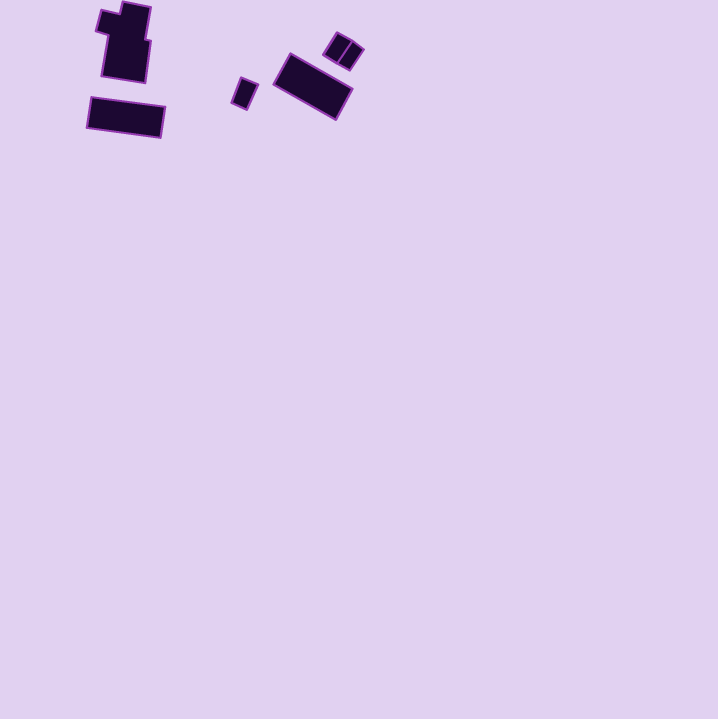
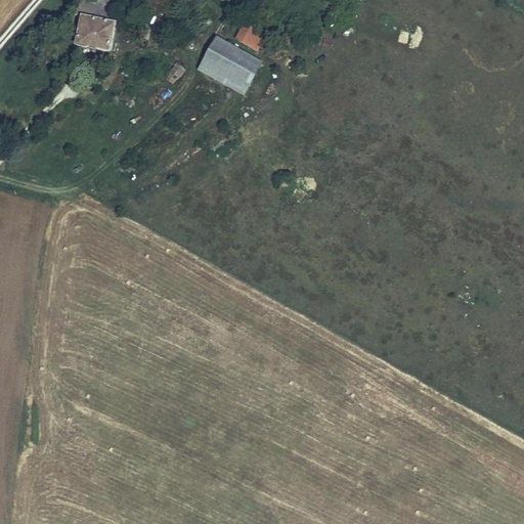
building: [87,97,165,138] -> none

